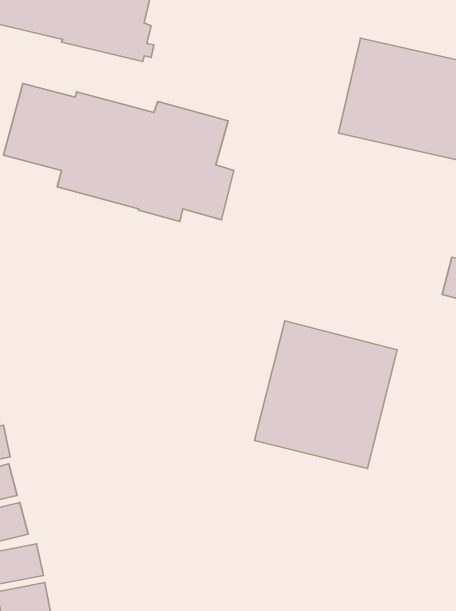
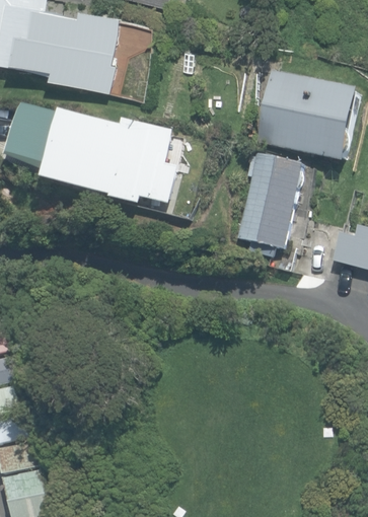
building: none -> [235,152,303,257]
building: [254,321,397,468] -> none

